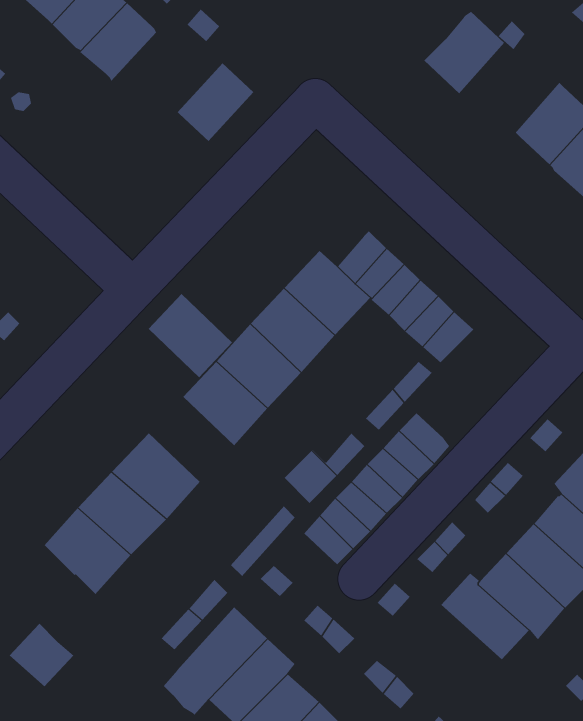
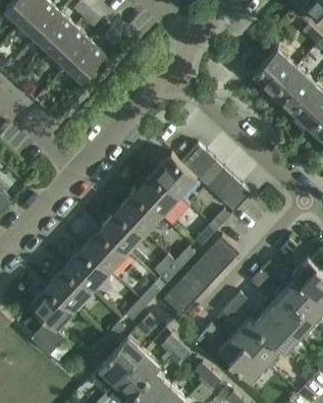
building: [423,11,505,94] -> [253,51,294,94]
building: [177,63,254,142] -> [64,42,104,82]
building: [148,293,233,378] -> [84,229,127,273]
building: none -> [219,336,265,381]
building: [9,622,74,687] -> [31,321,64,354]

